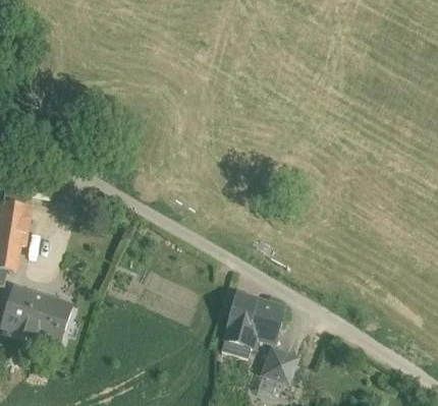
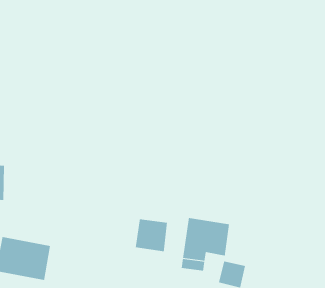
building: none -> [135,218,168,252]

